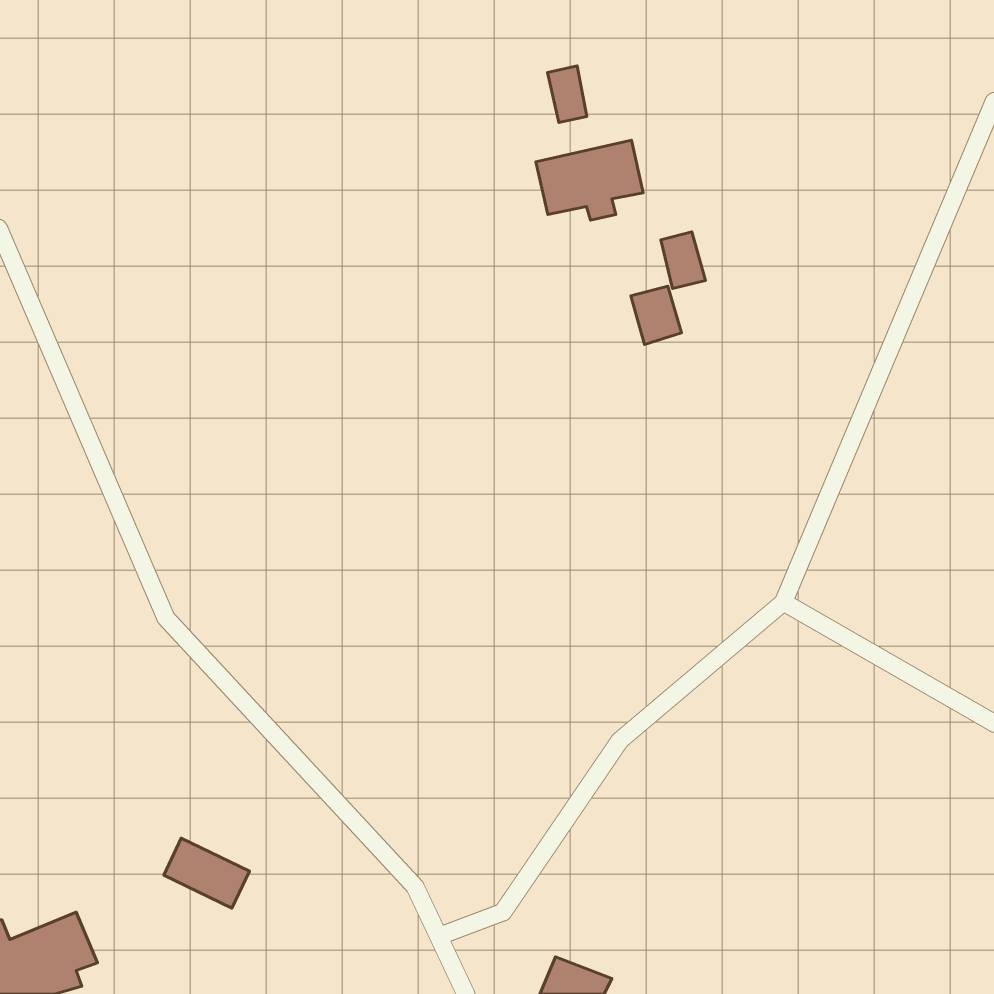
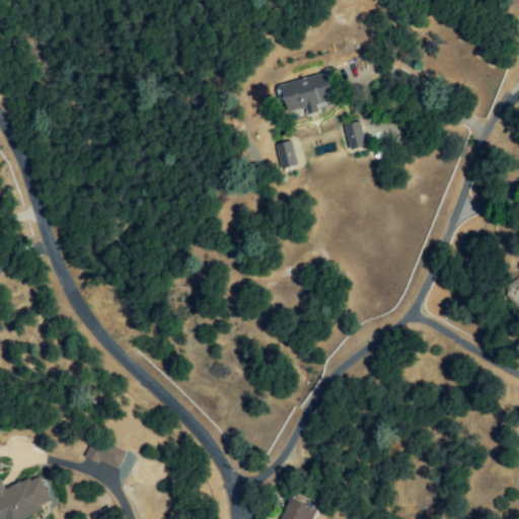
building: [547,66,587,123] -> none
building: [631,286,682,345] -> [272,140,298,170]

